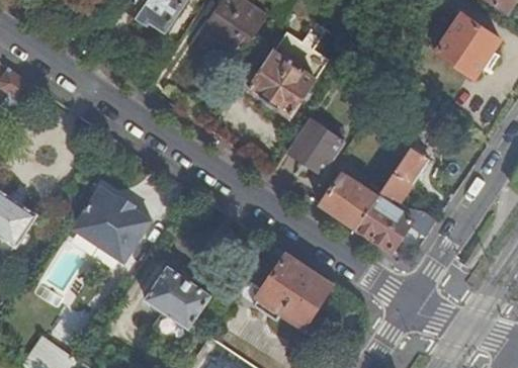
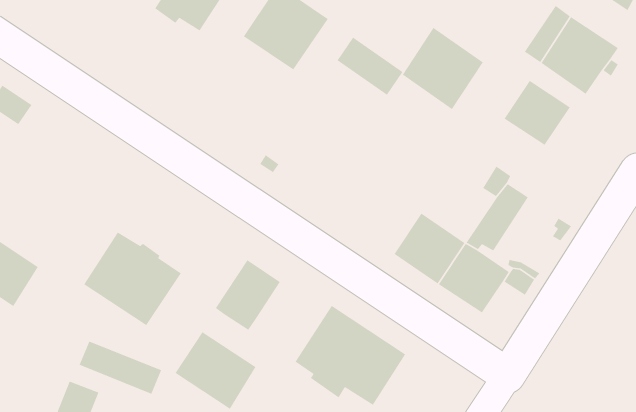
building: [249,50,315,116] -> [402,27,484,110]
building: none -> [503,80,571,146]
building: [286,116,344,174] -> none
building: none -> [215,259,281,331]
building: none -> [78,341,162,395]

